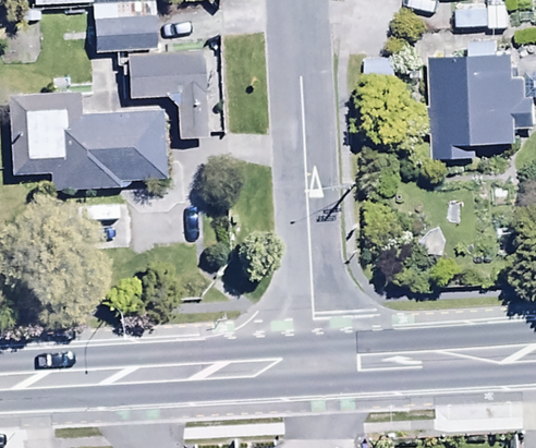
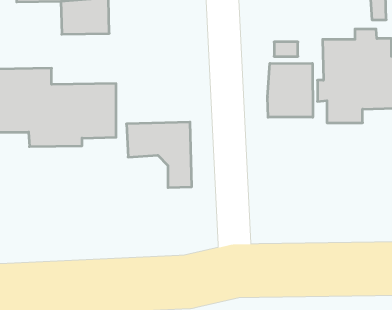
building: [126,53,210,137] -> [126,122,192,188]
building: none -> [268,63,313,117]

